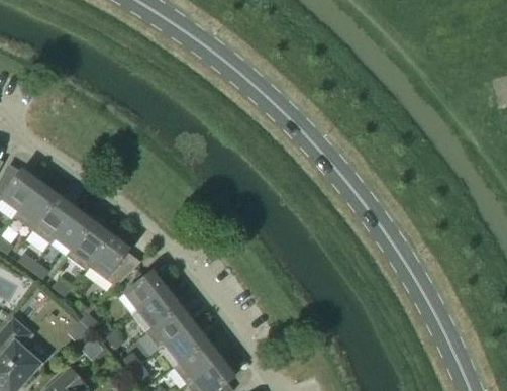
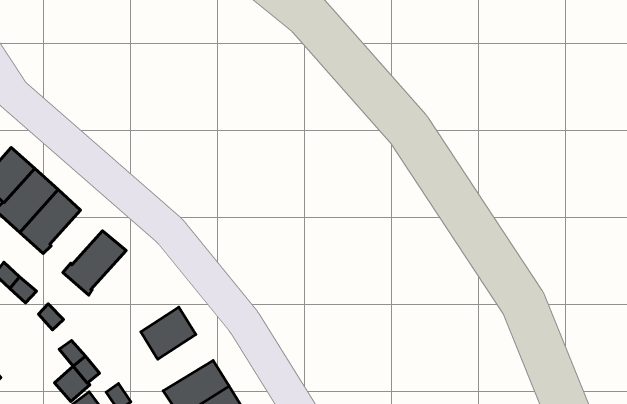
building: [56,209,92,249] -> none
building: [88,234,136,285] -> none
building: [133,289,180,331] -> none

